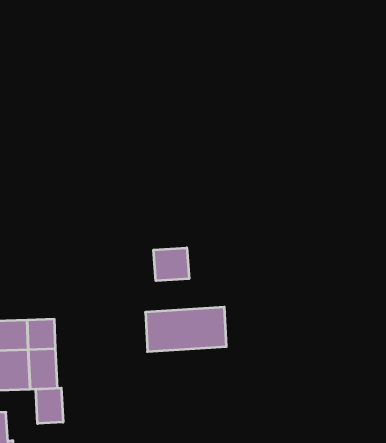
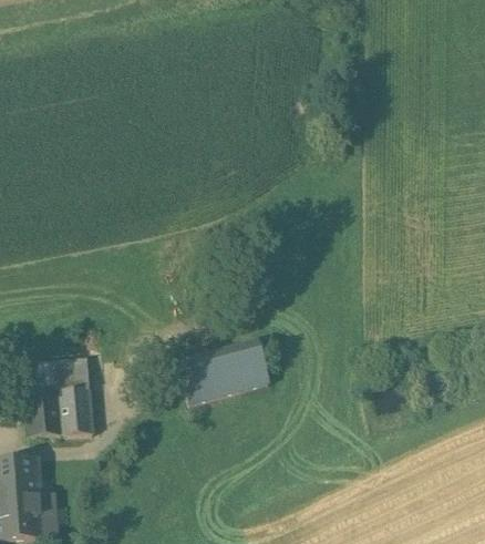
building: [154,248,189,281] -> none
building: [36,388,63,424] -> none

